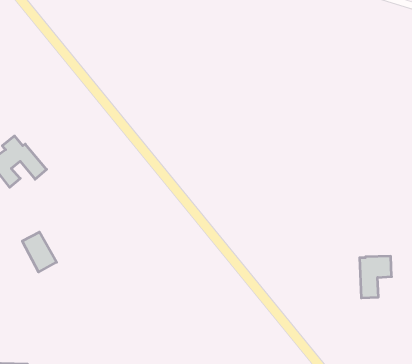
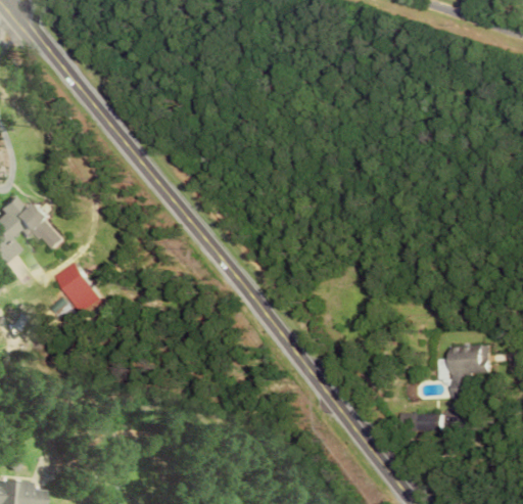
building: [22,232,57,272] -> [51,261,94,311]
building: none -> [413,410,440,428]

